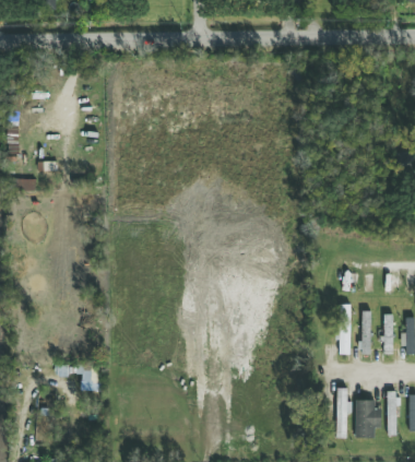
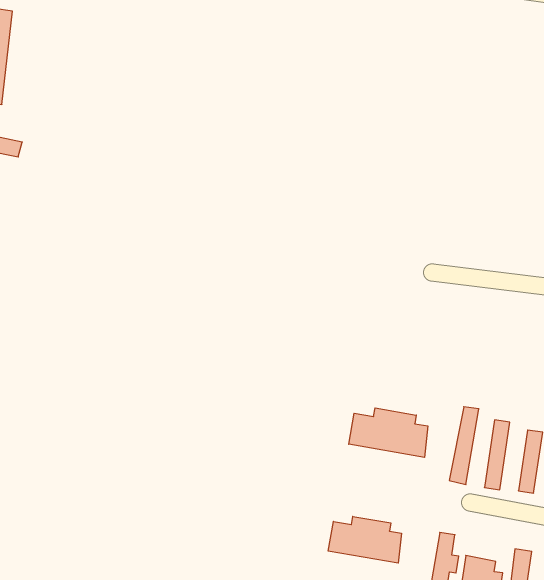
building: none -> [349,408,428,457]
building: none -> [328,516,401,563]

